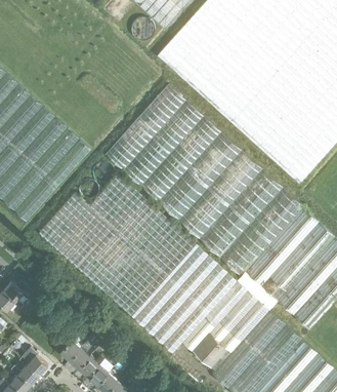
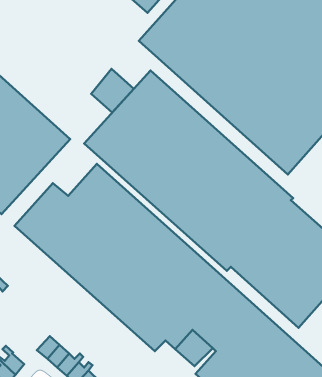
building: none -> [91,69,134,113]

